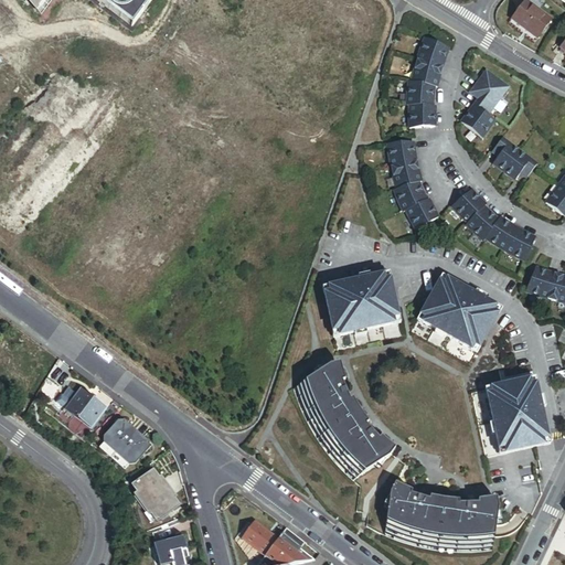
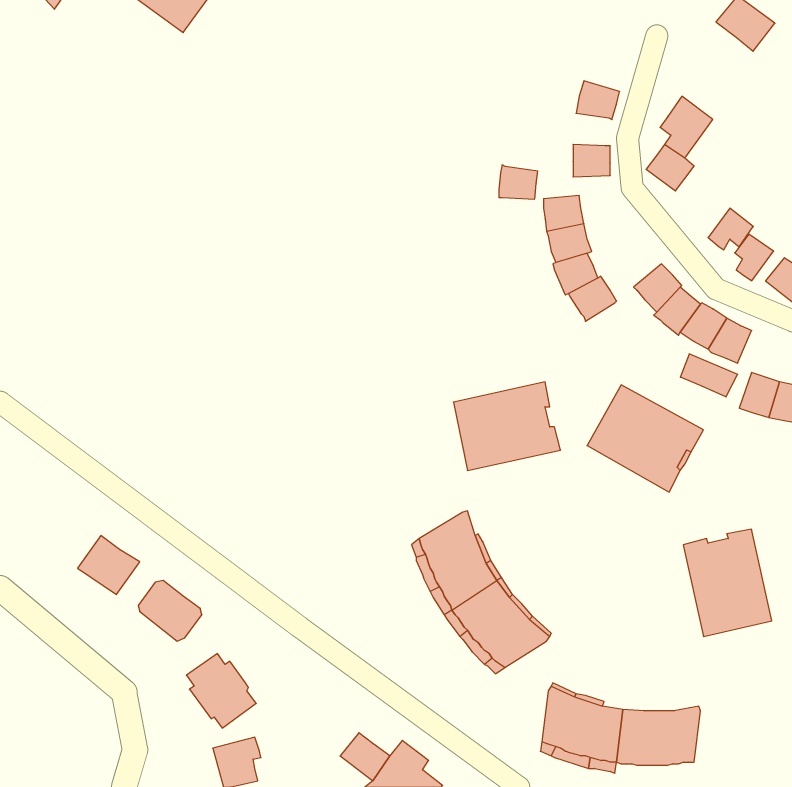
building: [416,35,448,65] -> none
building: [406,79,434,104] -> [499,165,538,199]
building: [492,136,520,169] -> [735,234,774,281]
building: none -> [680,354,738,397]

